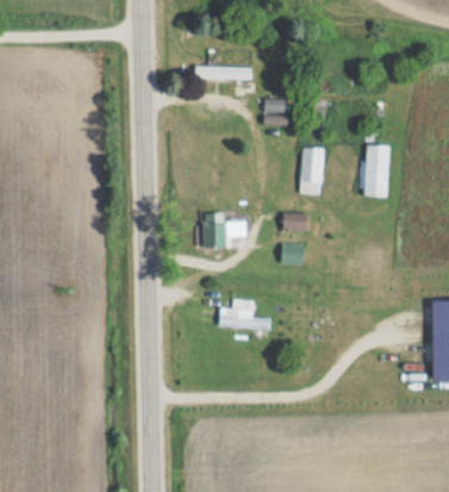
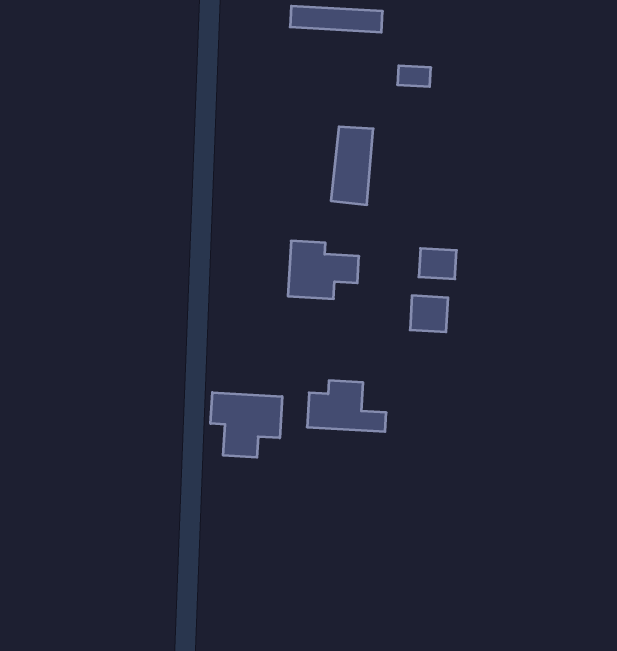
building: [362,145,391,198] -> none
building: [300,148,324,195] -> [331,127,373,205]
building: none -> [211,392,282,457]

